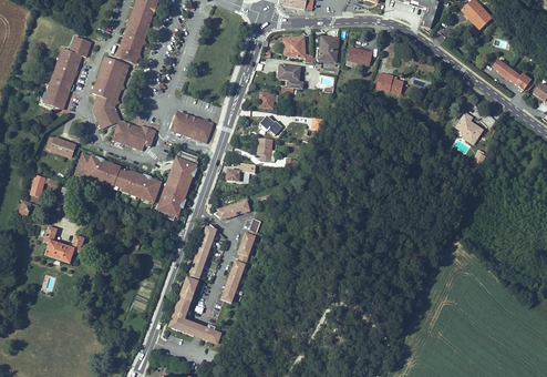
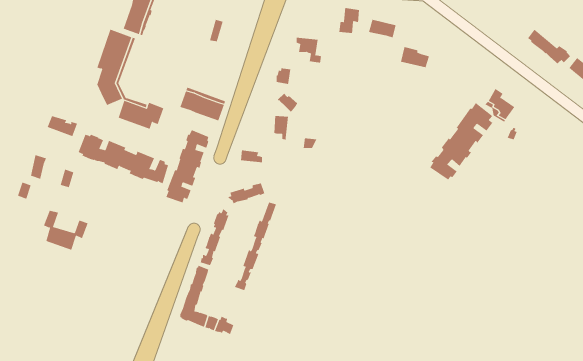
building: [42,37,91,109] -> none
building: [282,37,312,63] -> none
building: none -> [430,102,493,181]

